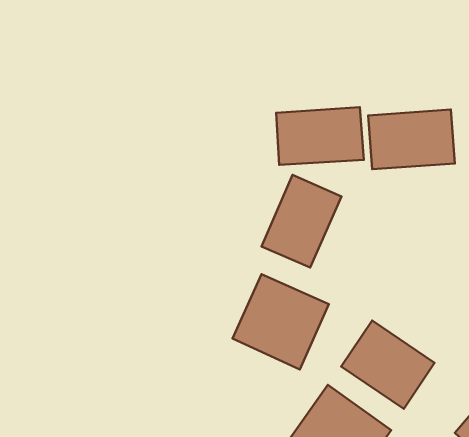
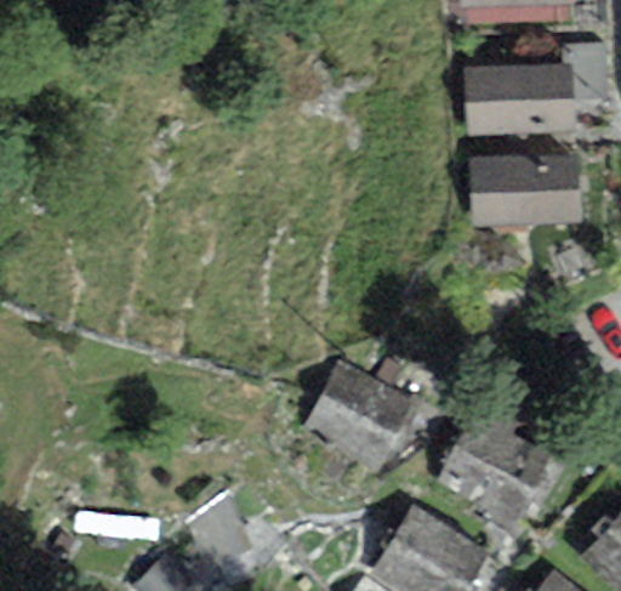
building: [276,107,364,165] -> [467,62,577,135]
building: [261,175,342,268] -> none

